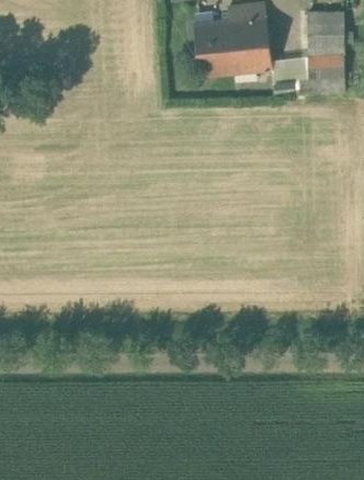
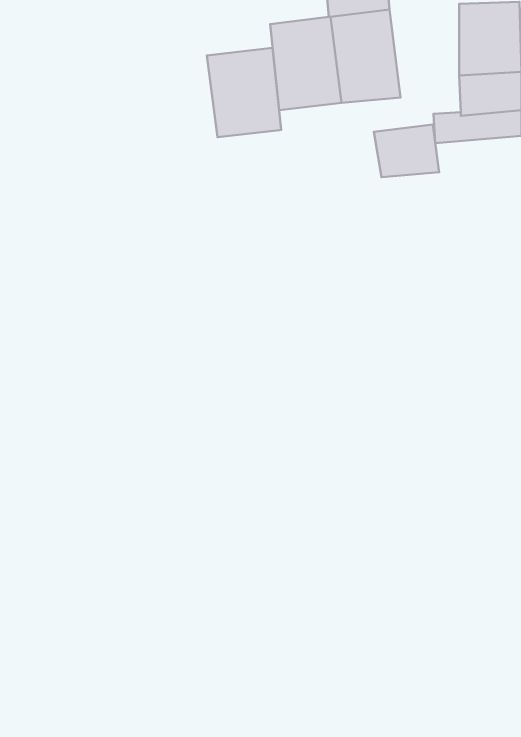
building: none -> [207,48,281,137]
building: none -> [374,124,439,177]

